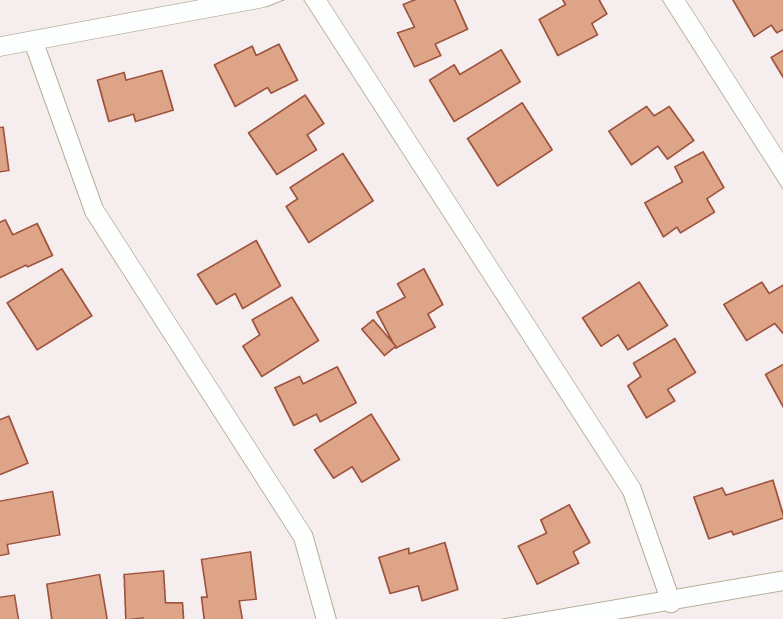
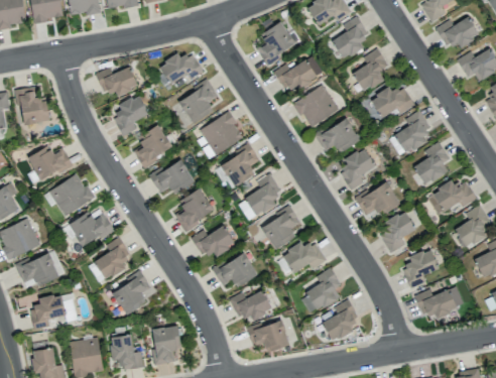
building: none -> [353,49,388,92]
building: none -> [113,95,149,136]
building: none -> [316,117,360,153]
building: none -> [133,126,172,169]
building: none -> [413,142,450,185]
building: none -> [222,143,259,185]
building: none -> [341,148,375,191]
building: none -> [260,207,300,250]
building: none -> [69,213,114,248]
building: none -> [95,238,130,279]
building: none -> [281,241,327,273]
building: none -> [402,248,440,288]
building: none -> [300,268,342,314]
building: none -> [111,271,151,316]
building: none -> [230,290,272,320]

